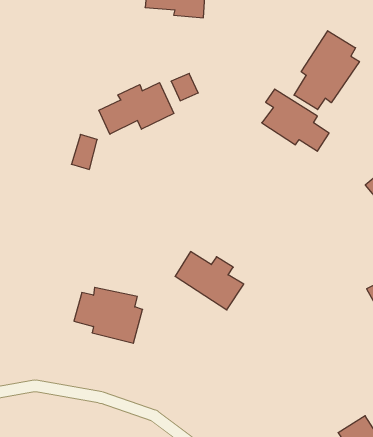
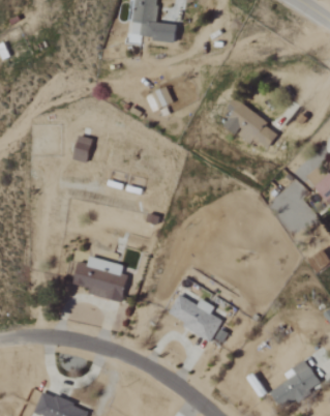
building: [294,31,359,110] -> none
building: [99,83,174,134] -> none
building: [175,252,244,310] -> [169,295,223,341]

